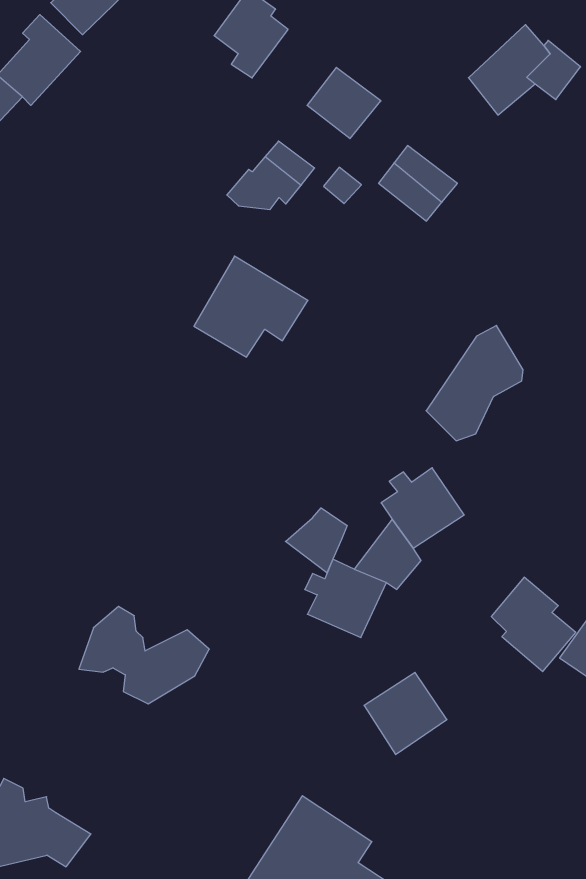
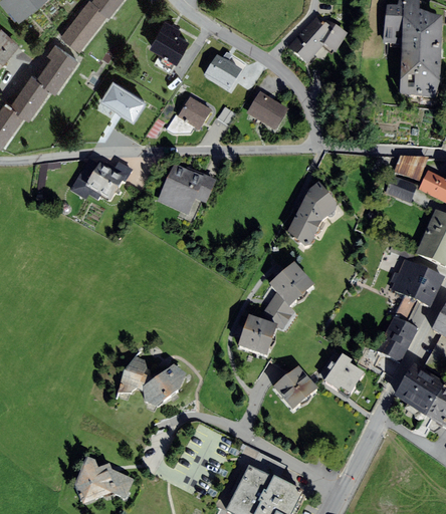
building: none -> [99,75,147,116]
building: none -> [70,157,133,199]
building: [285,508,347,573] -> none
building: [491,577,576,672] -> [318,351,365,401]

